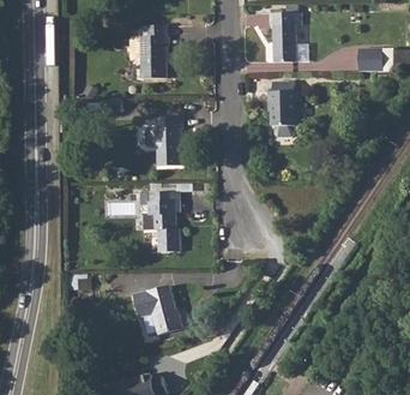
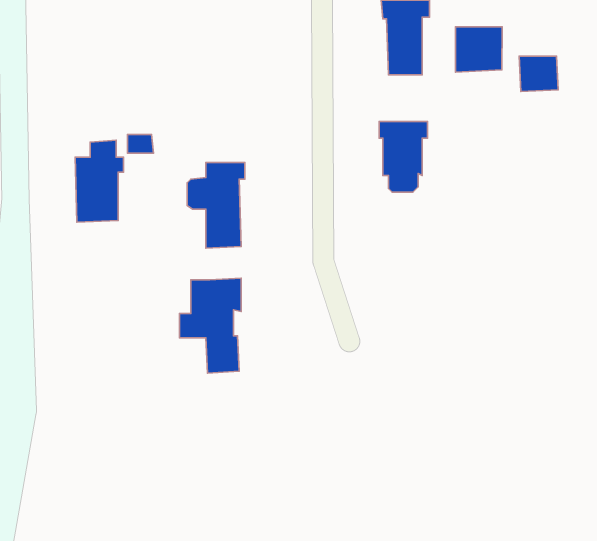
building: [140,24,171,77] -> [75,140,124,222]
building: none -> [455,27,502,72]
building: [132,285,181,334] -> none

